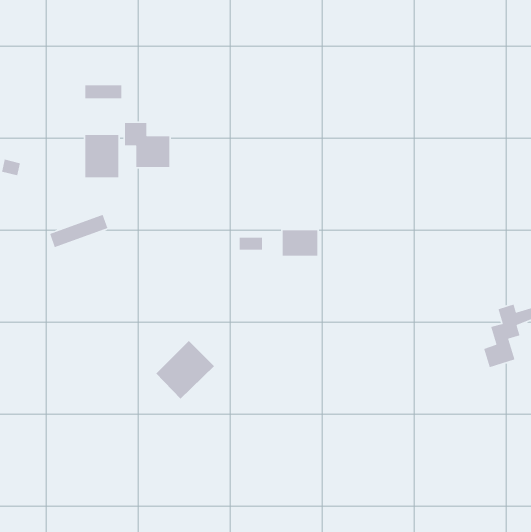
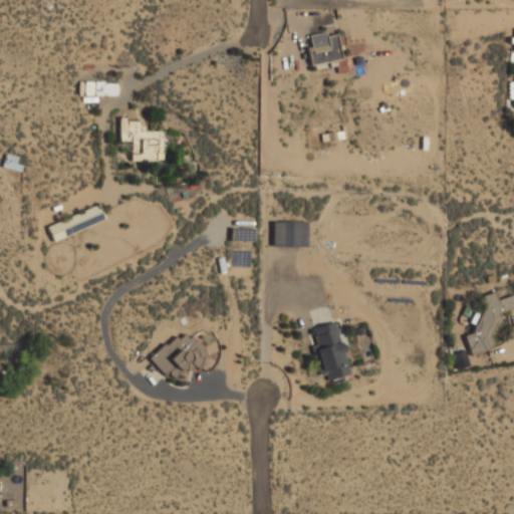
building: none -> [307,31,342,64]
building: [85,134,119,178] -> none
building: none -> [313,321,351,383]

